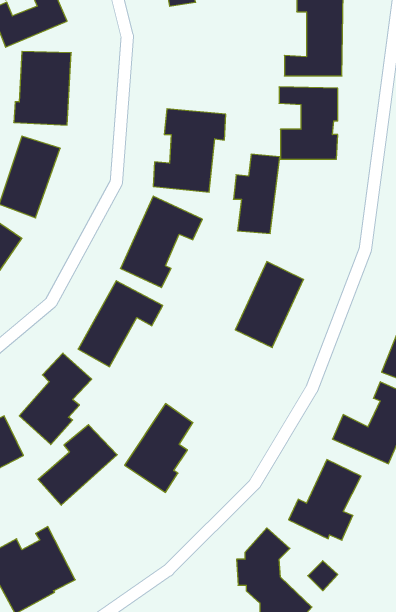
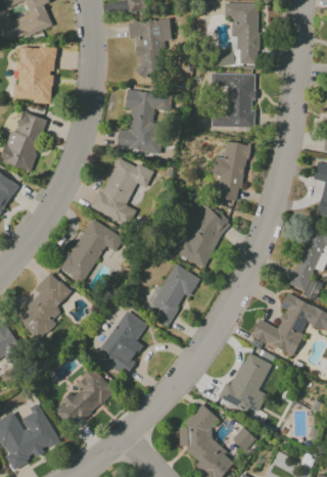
building: none -> [128,18,171,76]
building: [233,154,280,233] -> [213,142,247,201]
building: none -> [151,265,199,327]
building: [38,425,117,505] -> [54,369,113,429]

